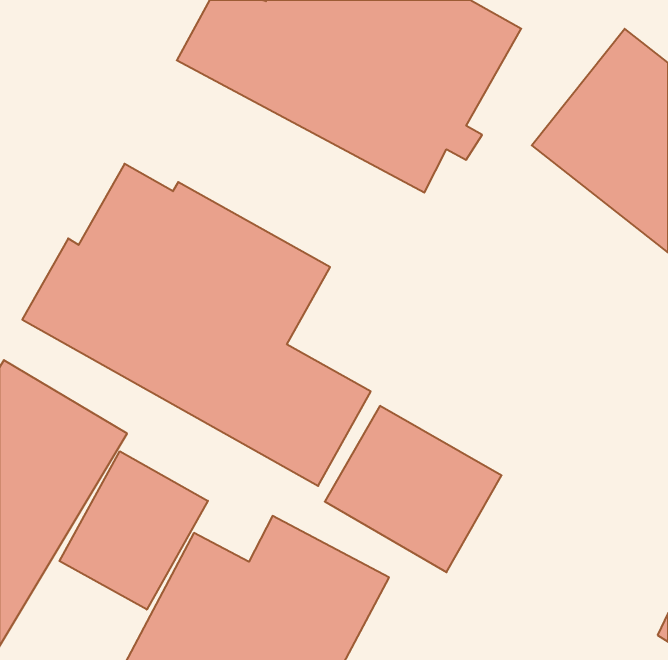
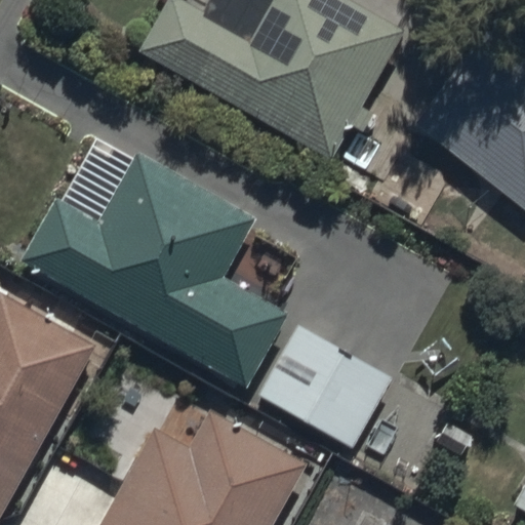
building: [59,451,208,610] -> none

